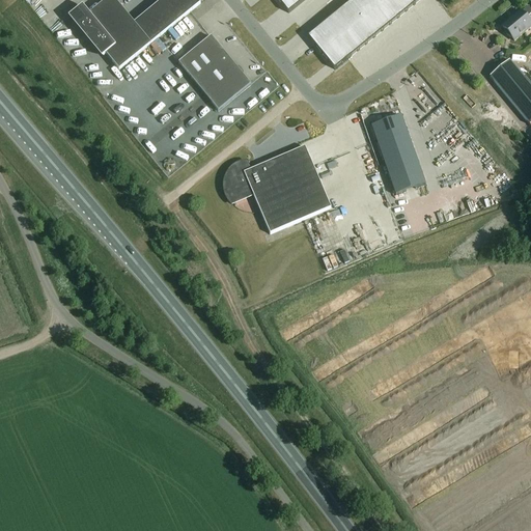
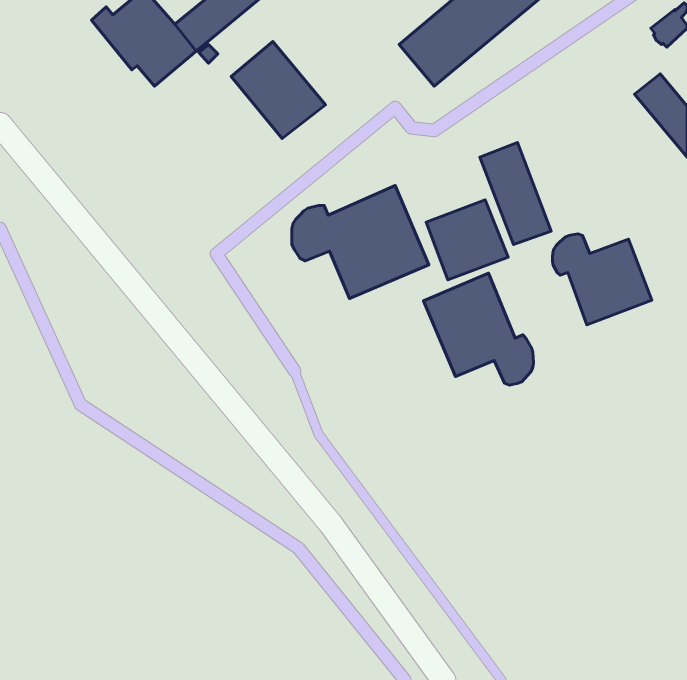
building: none -> [426,200,508,280]
building: none -> [552,234,652,325]
building: none -> [423,273,533,385]

